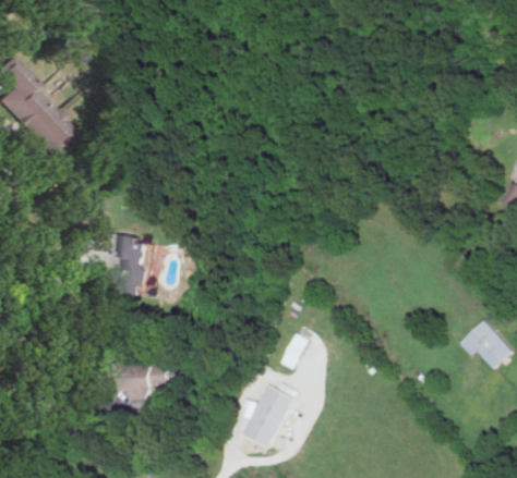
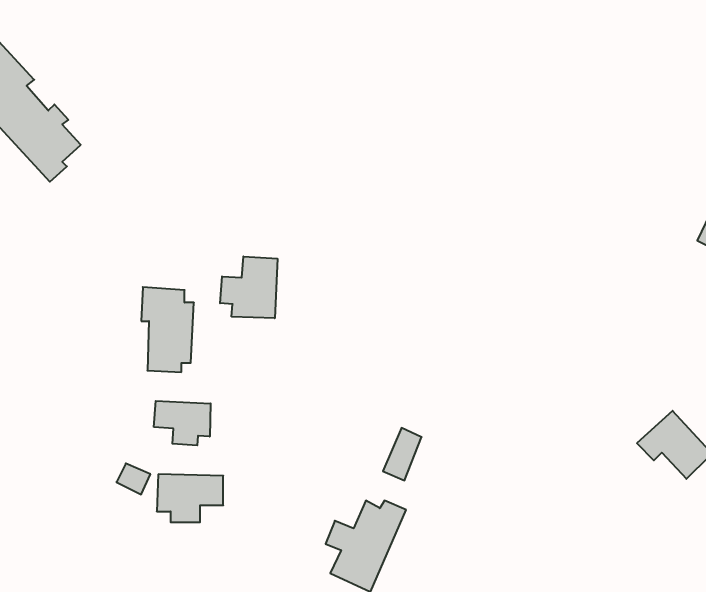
building: none -> [220,256,277,318]
building: none -> [154,401,211,445]

